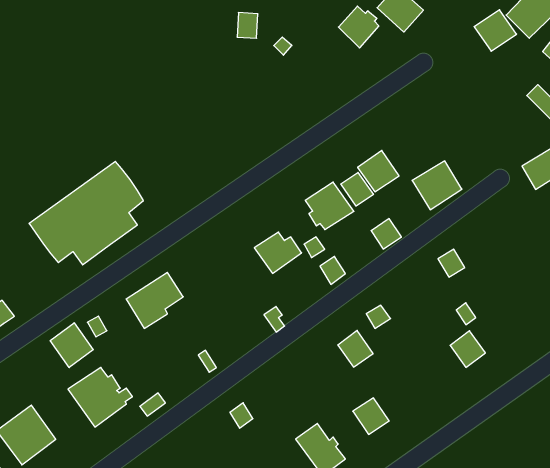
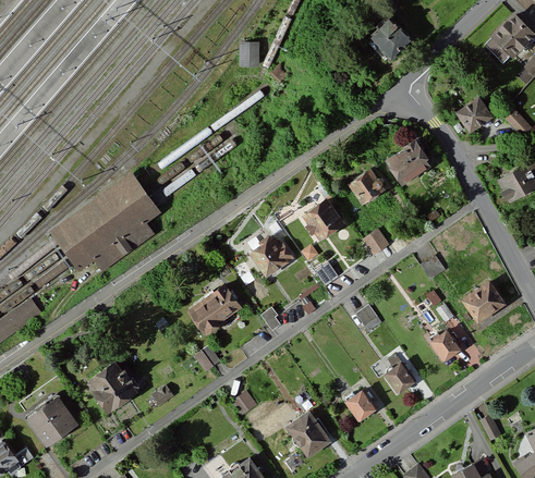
building: [338,6,379,48] -> none
building: [474,10,517,51] -> [452,97,490,134]
building: [412,161,462,210] -> [385,139,429,183]
building: [341,172,373,206] -> none
building: [126,272,183,328] -> [190,284,241,334]
building: none -> [461,279,507,323]
building: [50,323,93,368] -> none
building: [338,330,373,367] -> [384,360,415,393]

